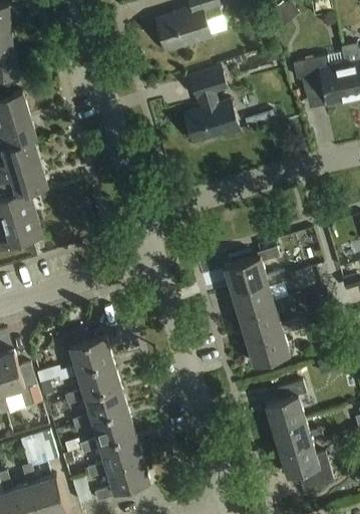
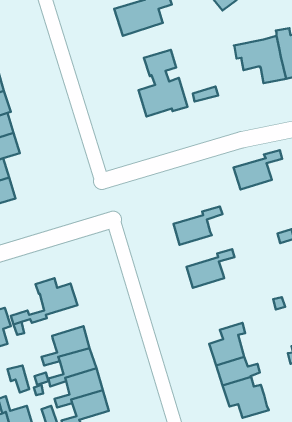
building: [231,272,287,317] -> [233,150,282,189]
building: [246,321,301,366] -> none
building: [65,361,120,406] -> none

